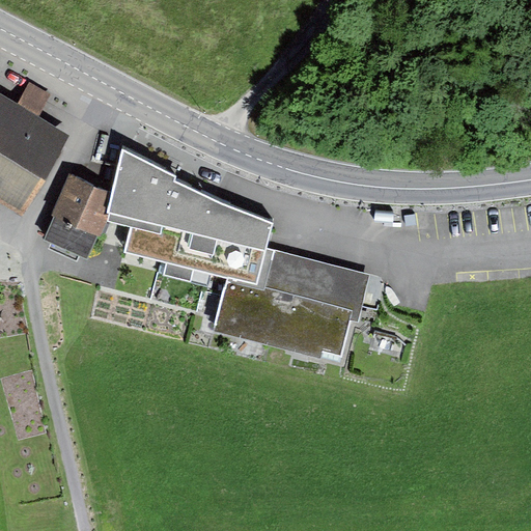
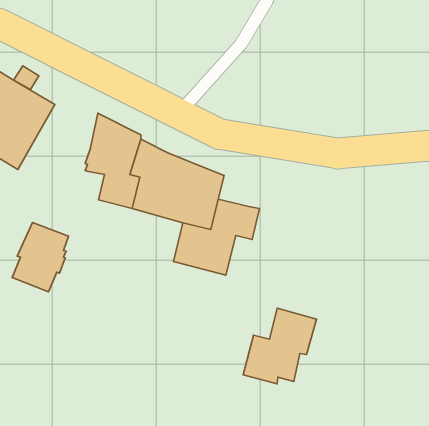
building: [41,173,111,258] -> [12,223,69,292]
building: [278,262,368,356] -> [243,308,317,384]

